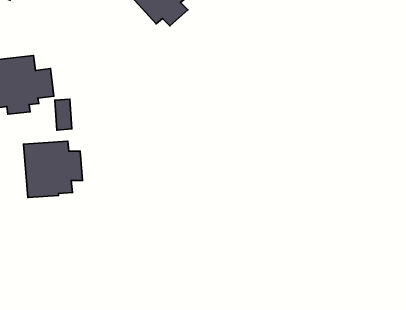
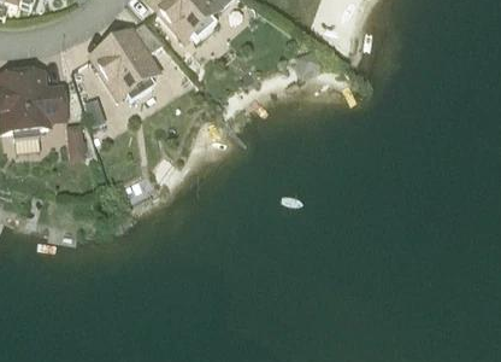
building: none -> [92,27,157,97]
building: [23,141,83,197] -> none

